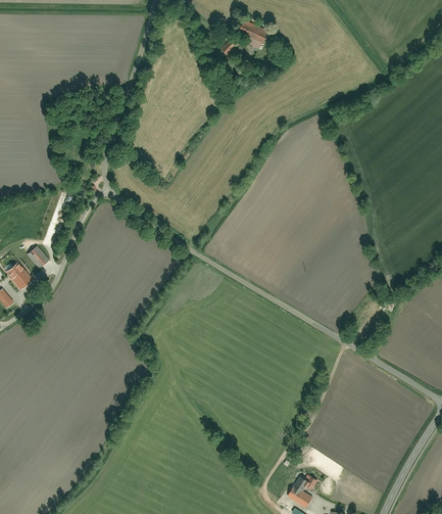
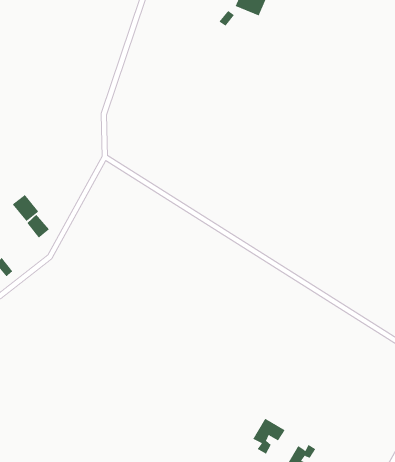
building: [5,262,33,289] -> [12,194,39,222]
building: none -> [252,418,285,455]

